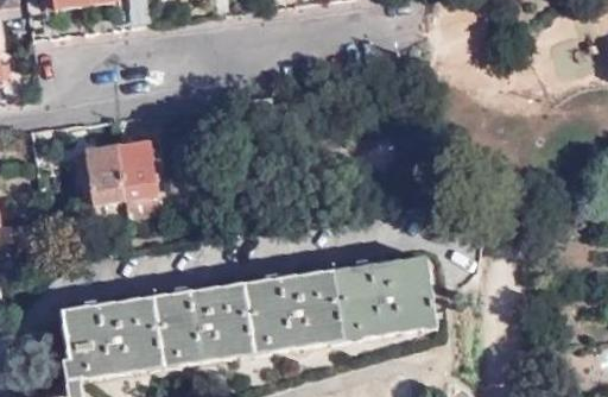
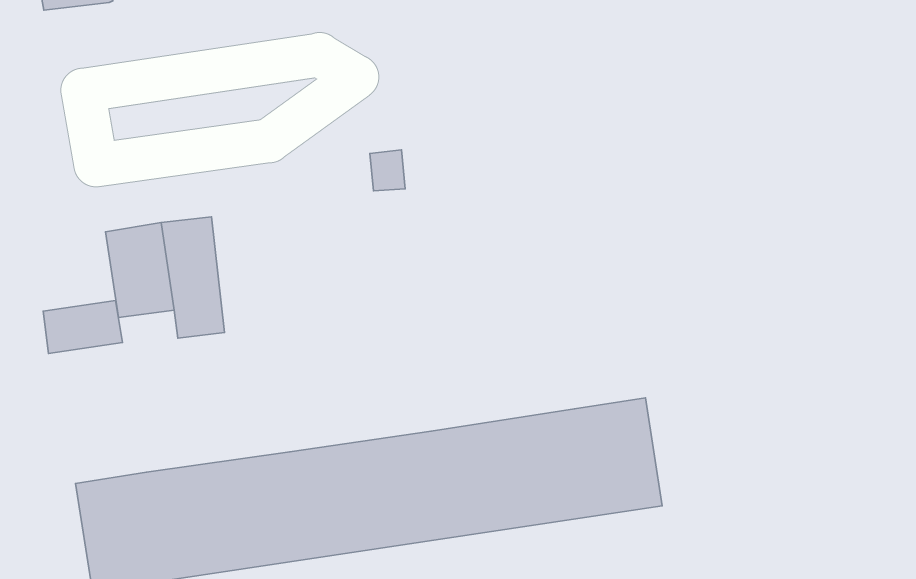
building: none -> [43,300,123,353]

